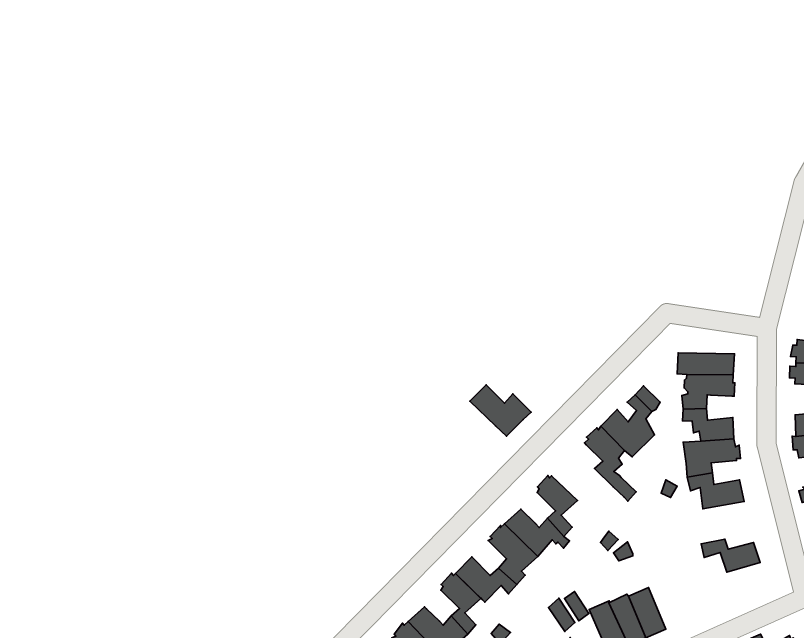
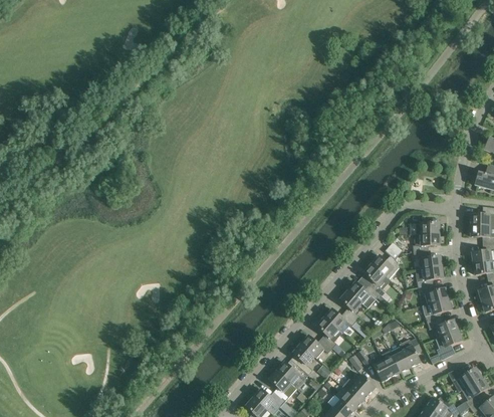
building: [470,385,531,436] -> [348,281,381,307]
building: none -> [423,298,453,322]
building: none -> [431,330,463,364]
building: none -> [400,338,423,367]

